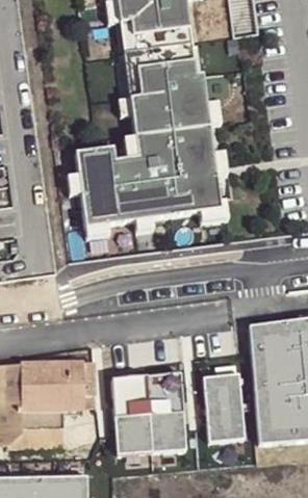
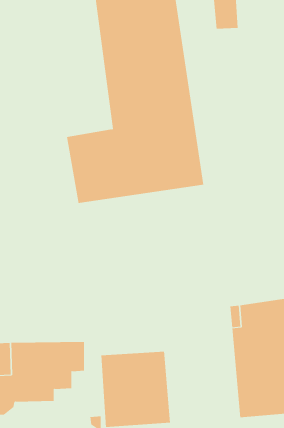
building: [203,375,245,444] -> none
building: [9,415,81,443] -> none

